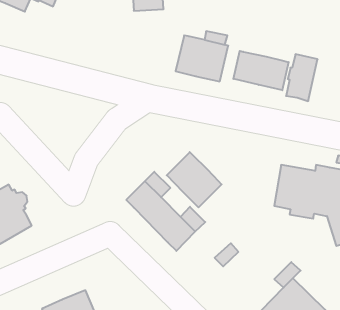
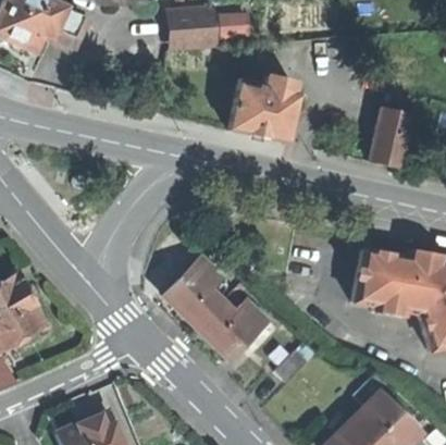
building: [233,51,289,90] -> none
building: [167,152,222,207] -> none

